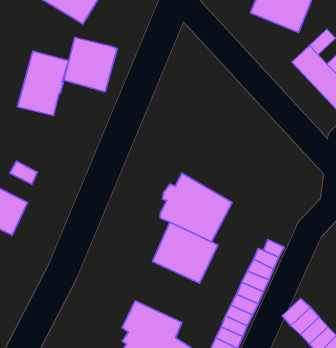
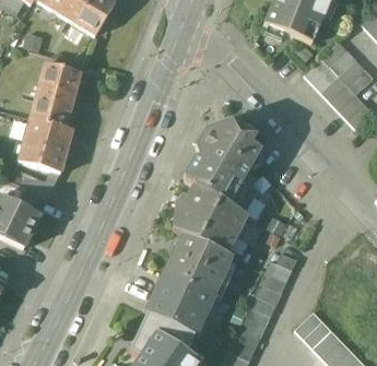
building: [64,37,117,92] -> [19,119,72,174]
building: none -> [182,121,260,215]
building: none -> [148,274,212,335]

